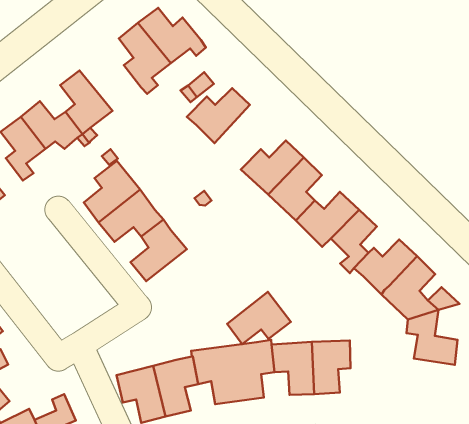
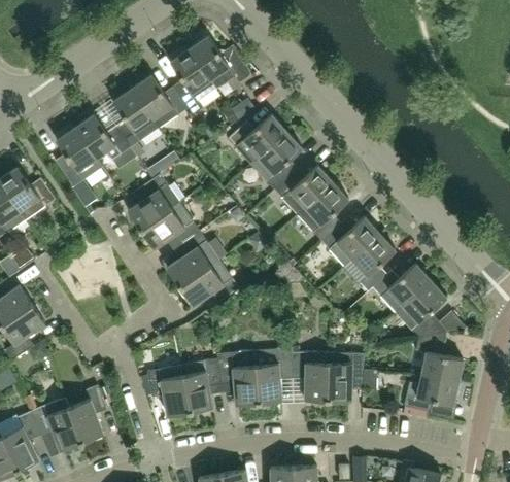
building: none -> [132,75,188,128]
building: none -> [251,131,302,190]
building: [227,292,291,344] -> [180,260,239,306]
building: none -> [404,374,458,411]

